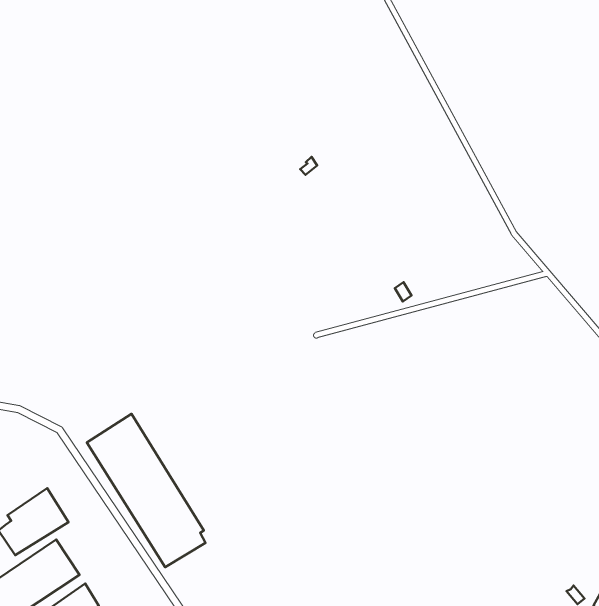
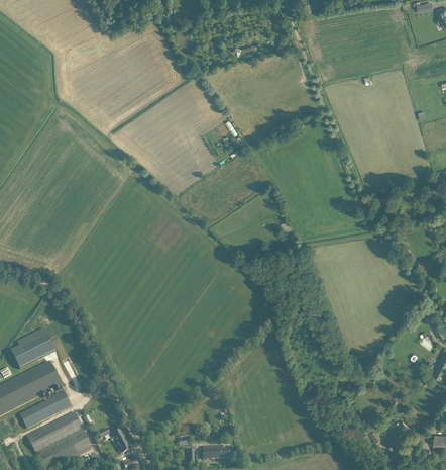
building: [87,414,205,567] -> none

